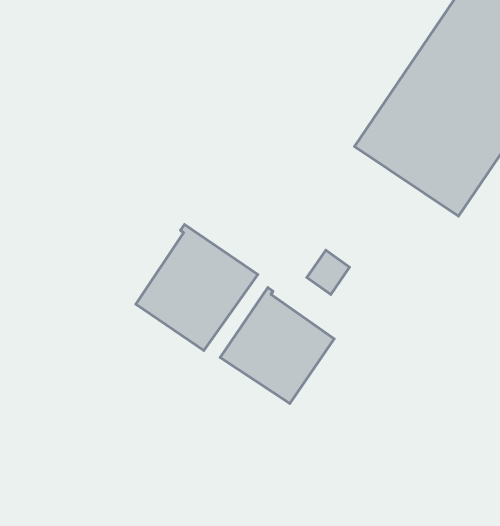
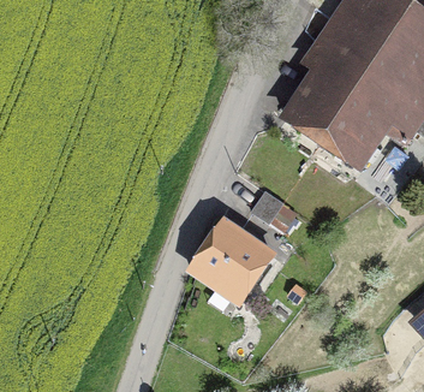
building: [136,224,258,351] -> none

